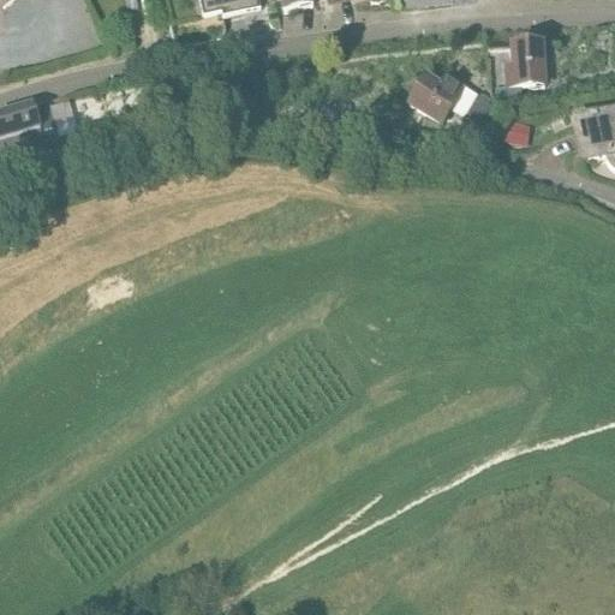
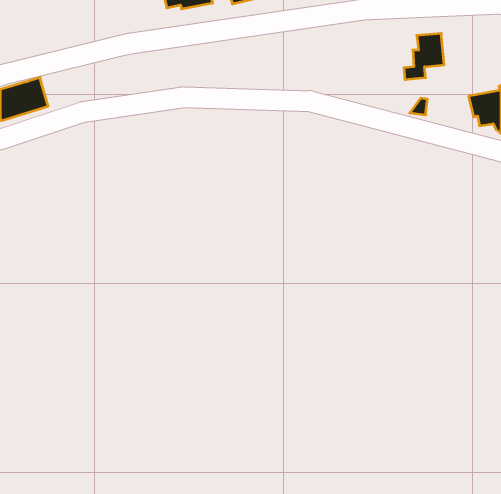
building: [408,70,492,118] -> none

